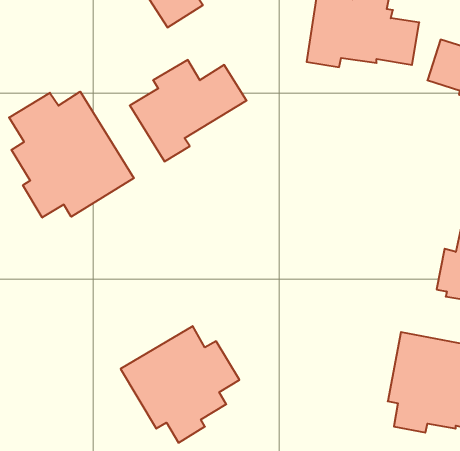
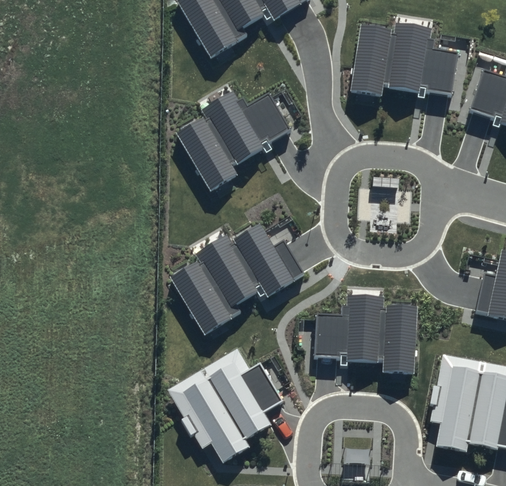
building: [9,92,134,218] -> none
building: none -> [170,225,306,336]
building: none -> [315,298,417,376]

